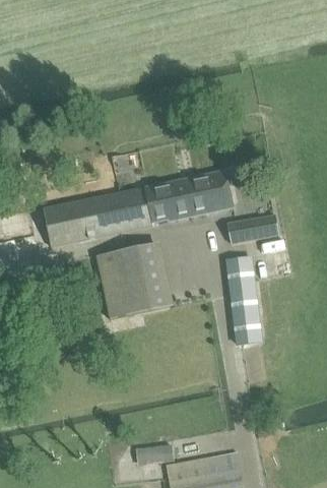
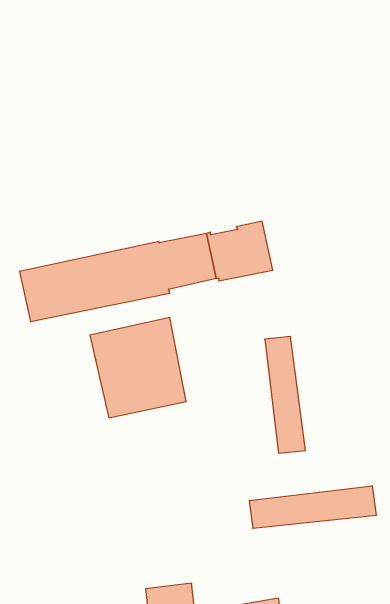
building: [227,215,278,244] -> none
building: none -> [249,486,376,529]

